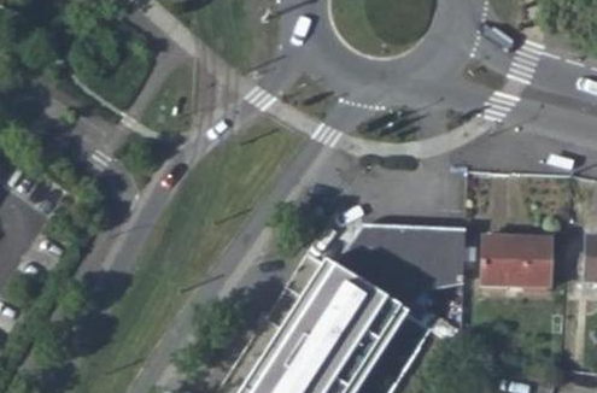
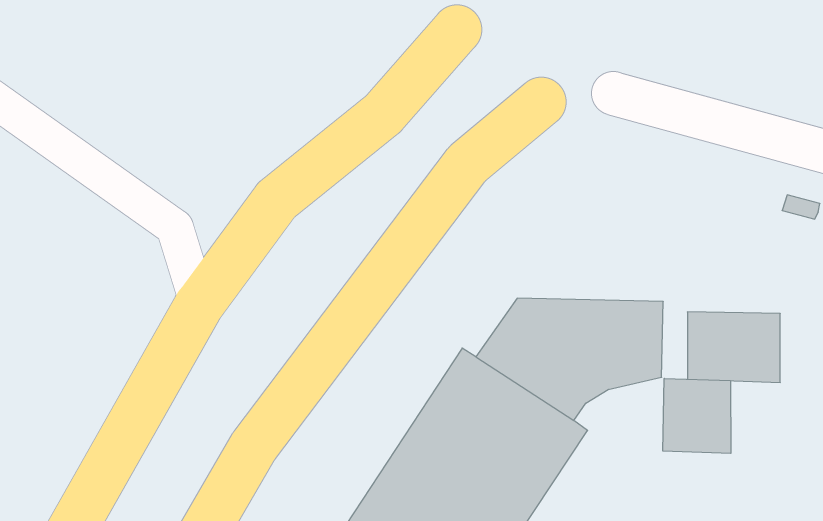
building: none -> [663,378,731,453]

